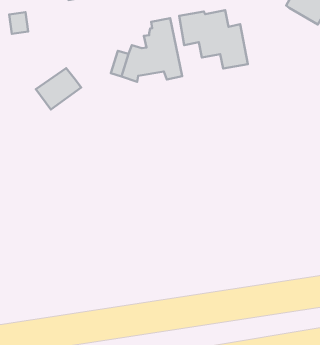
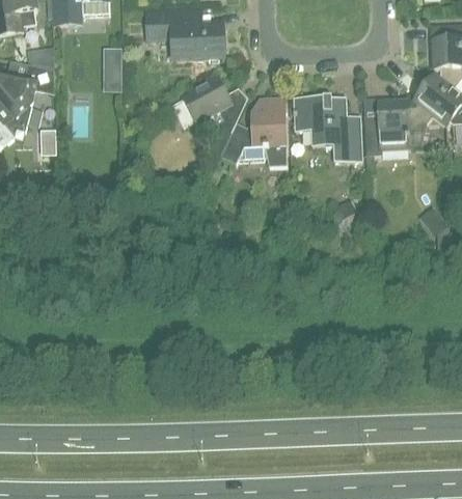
building: none -> [364,102,432,154]
building: [36,68,81,110] -> [182,78,233,121]

